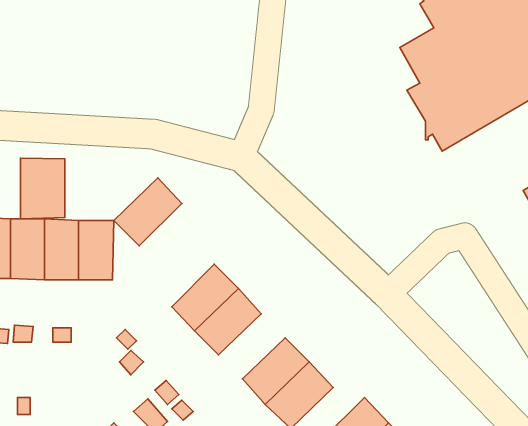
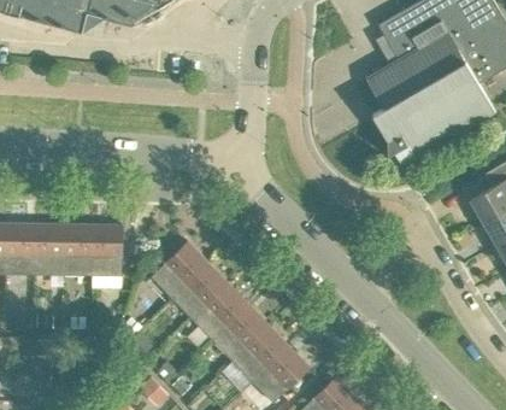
building: [21,158,65,219] -> none
building: [114,178,182,246] -> [149,240,207,298]
building: none -> [211,304,267,359]

